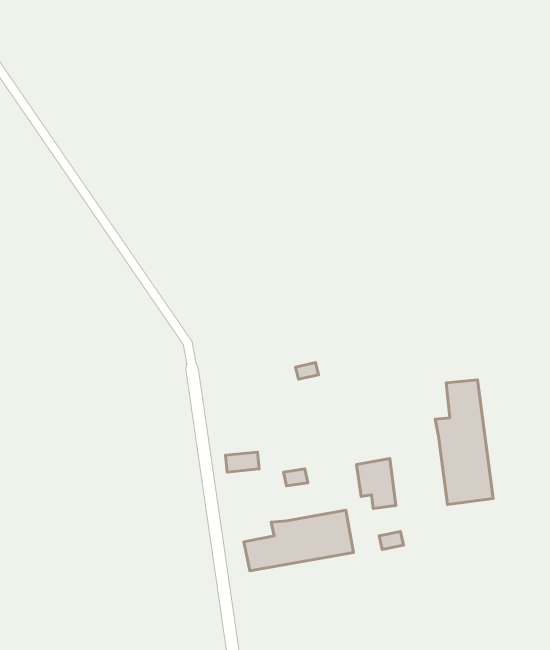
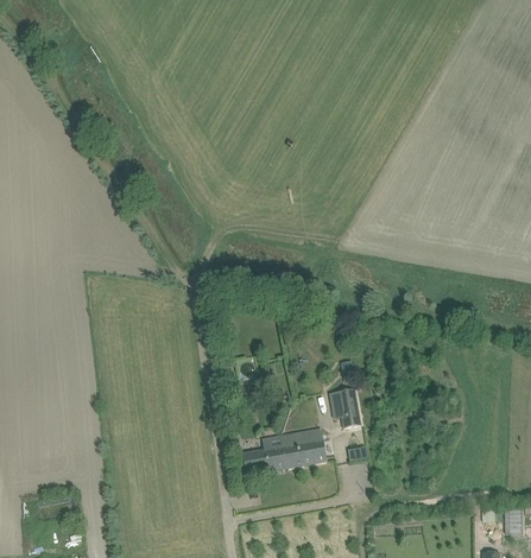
building: [435,380,493,504] -> none

